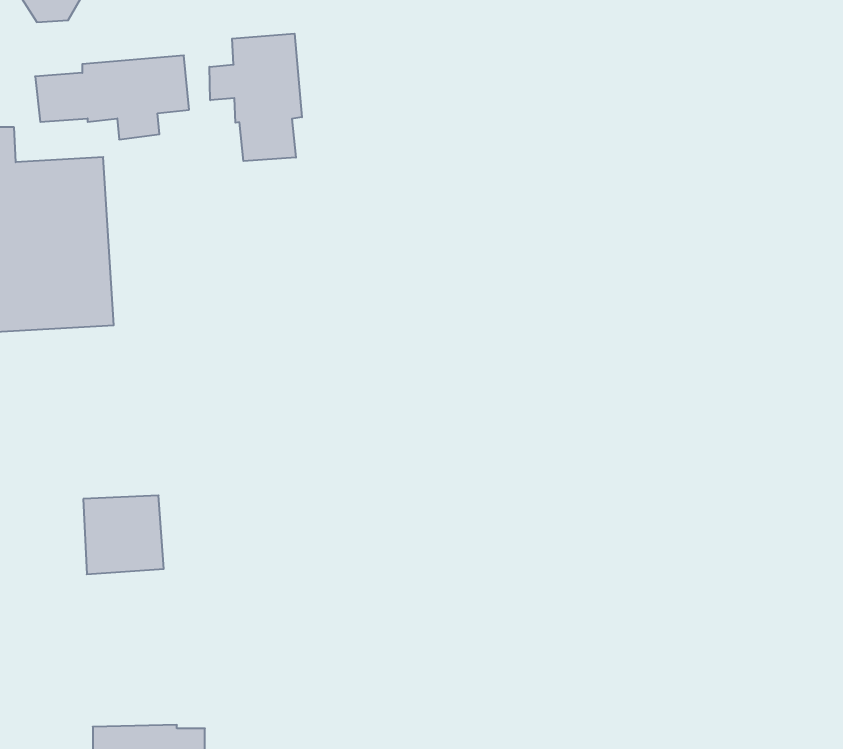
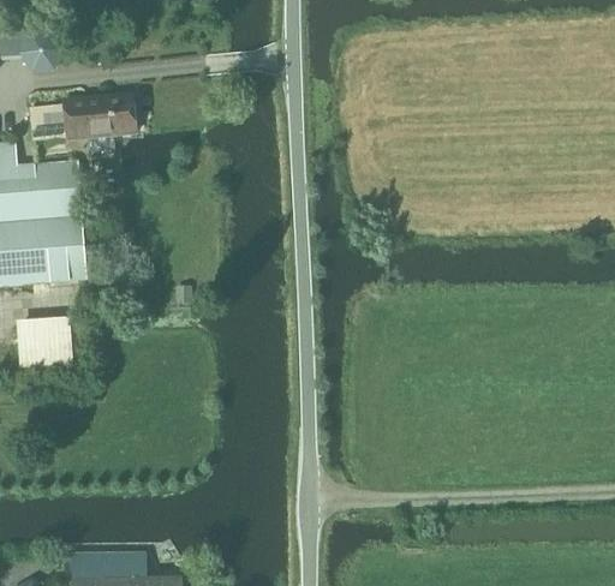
building: [209,34,302,161] -> none
building: [83,495,164,574] -> [18,318,73,372]

